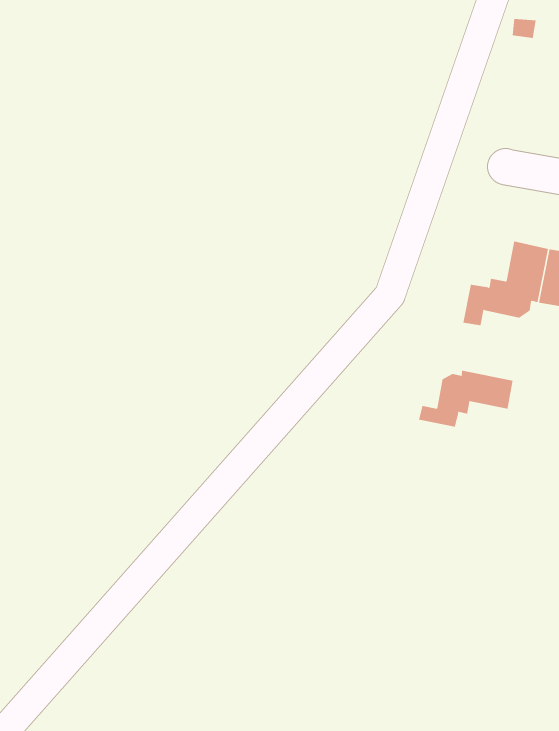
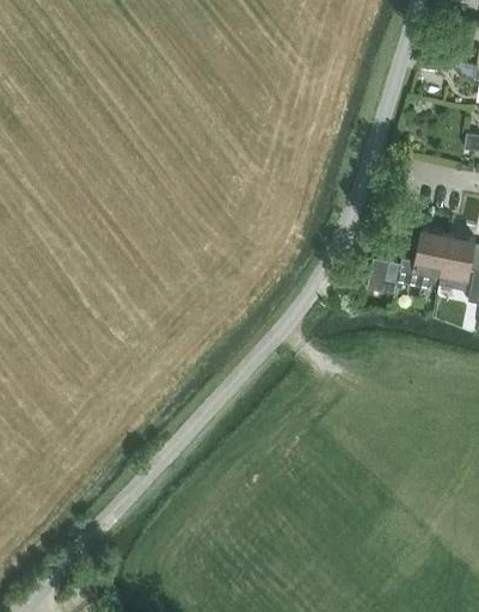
building: [419,370,513,427] -> none

